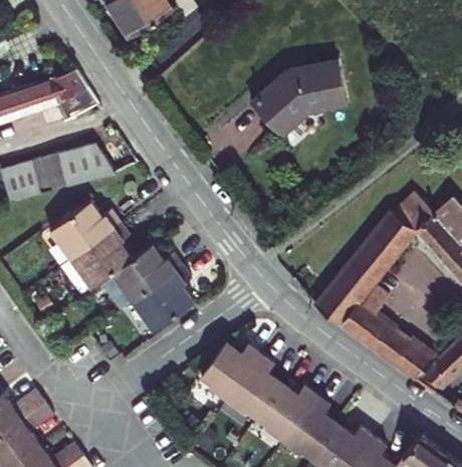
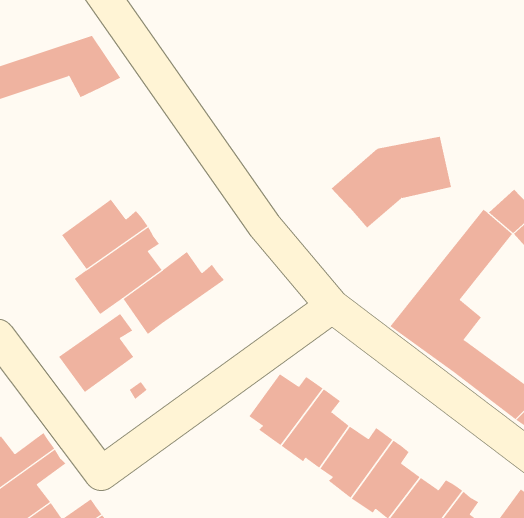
building: [250,61,348,136] -> [331,136,452,228]
building: [7,148,116,202] -> none
building: [132,267,193,331] -> [58,313,134,393]

